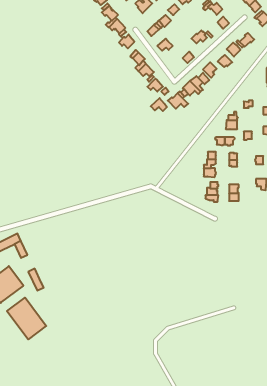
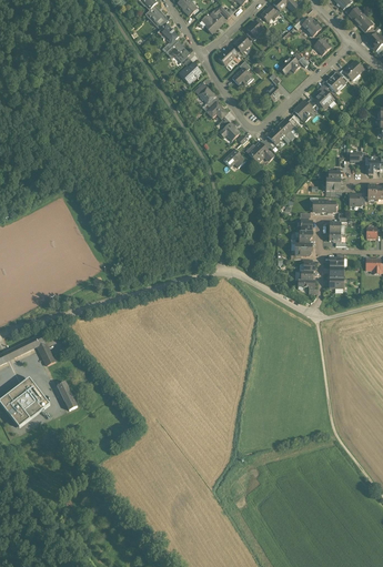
building: [7,298,46,339] -> none

